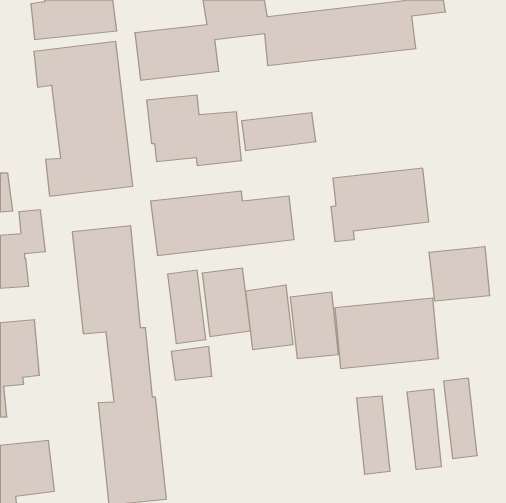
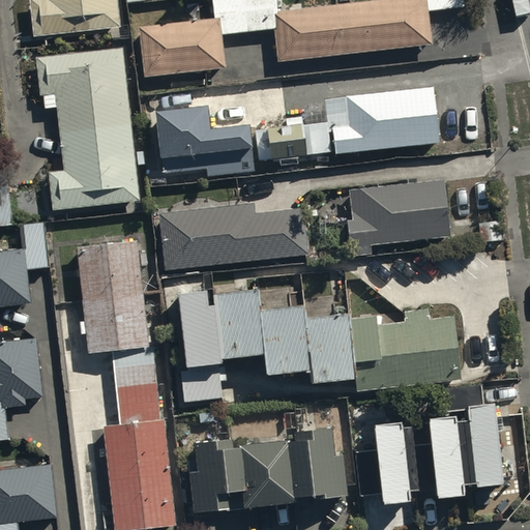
building: none -> [331,86,437,152]
building: [429,246,489,301] -> none
building: none -> [188,424,347,510]

